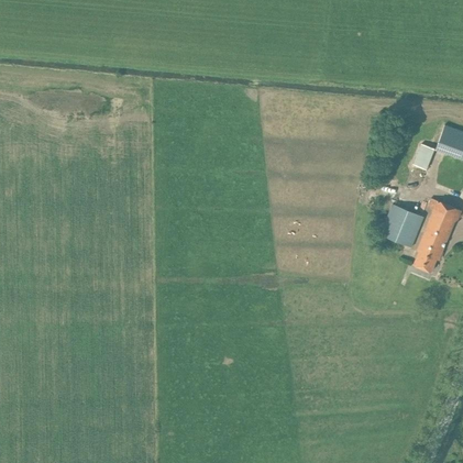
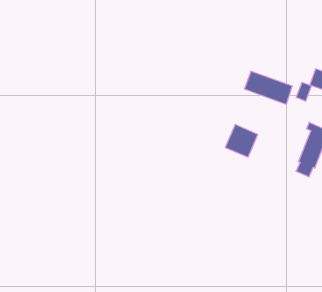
building: none -> [244,71,292,104]
building: [381,203,425,247] -> [225,125,258,157]

